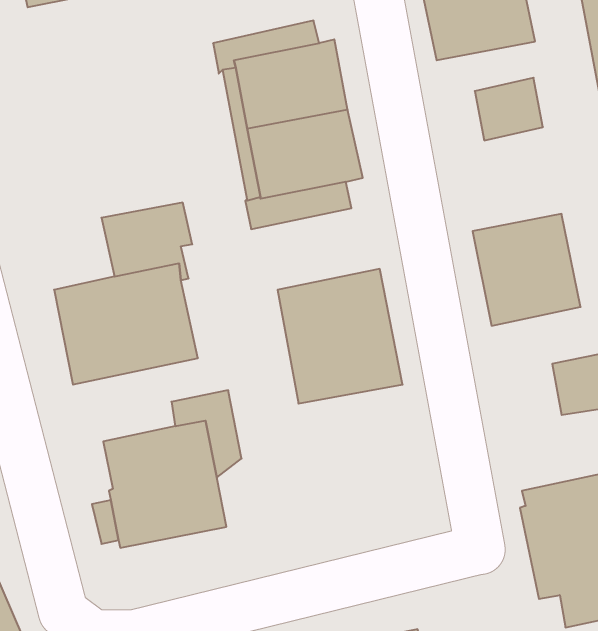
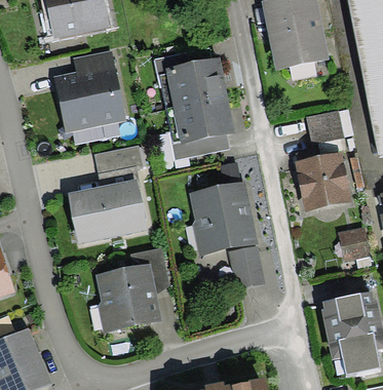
building: none -> [52,50,125,133]
building: [475,78,543,140] -> [306,111,343,145]
building: none -> [227,245,265,290]

